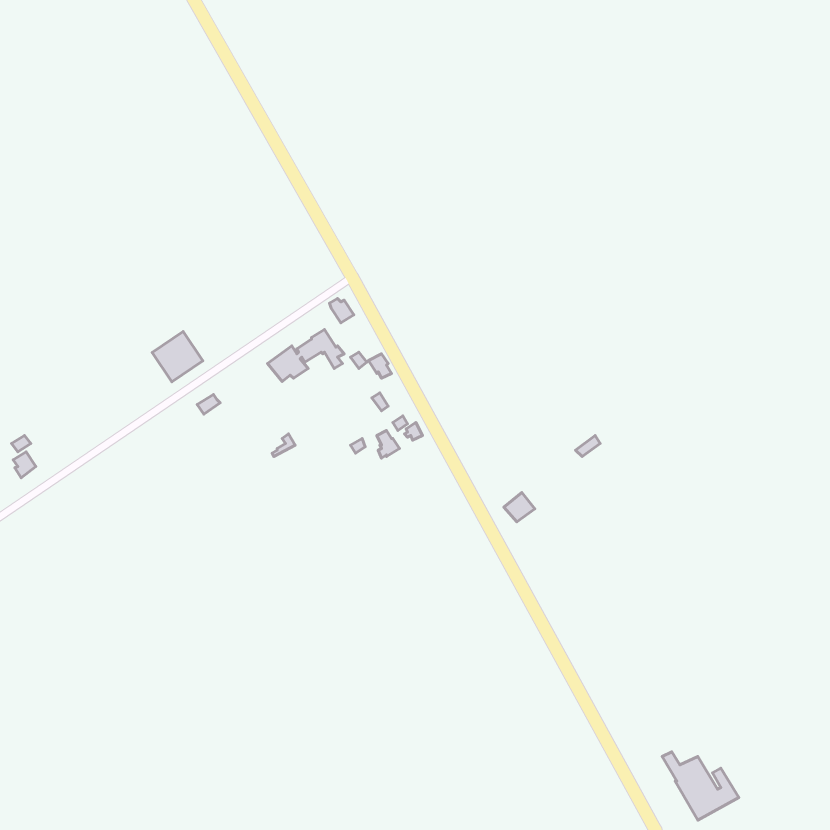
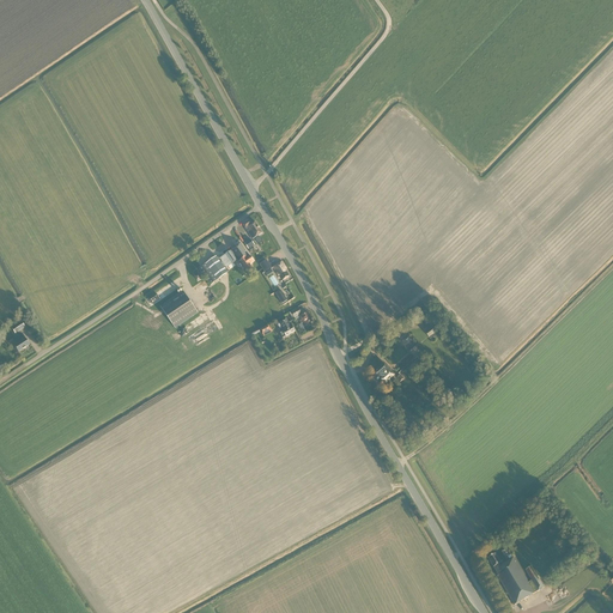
building: [152,331,203,382] -> [158,290,195,327]

